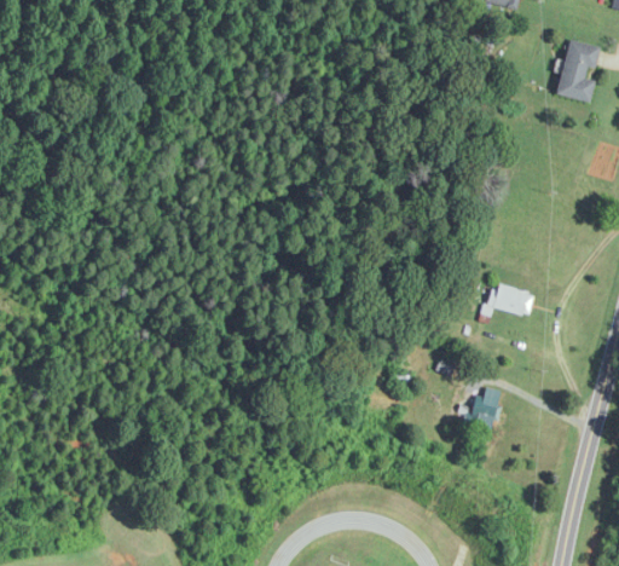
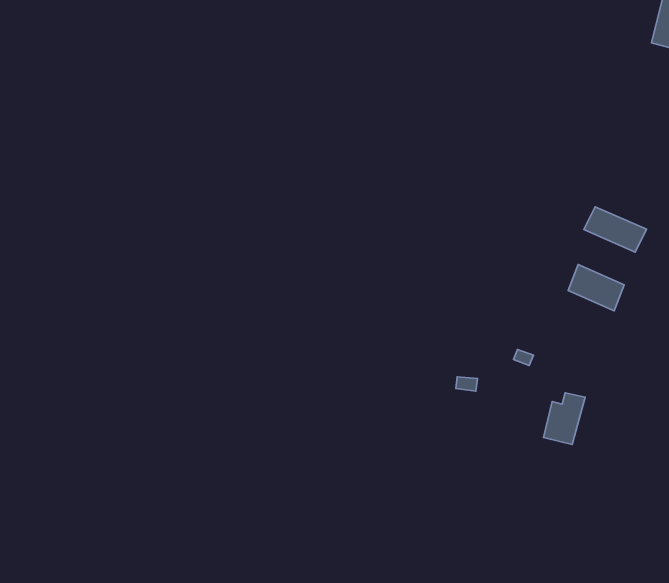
building: none -> [584,207,646,252]

